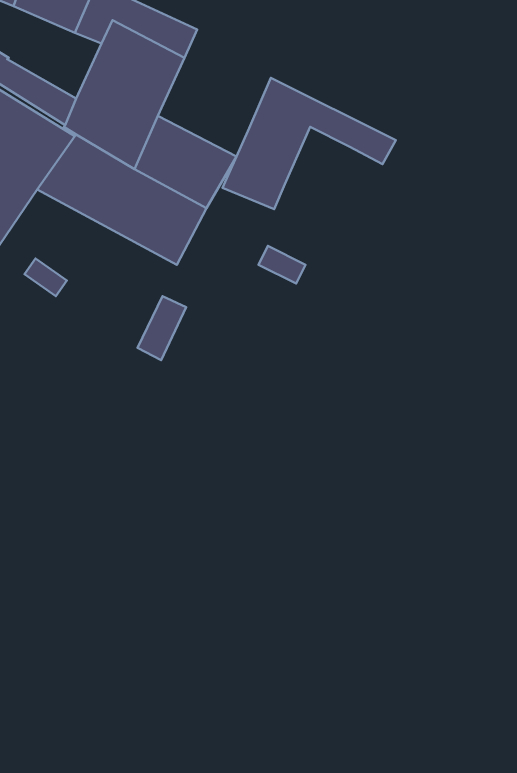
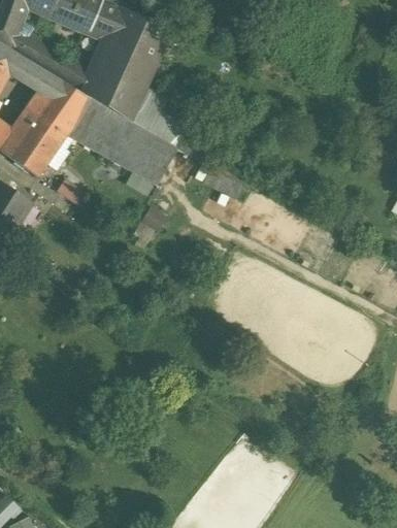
building: [222,78,396,209] -> none

